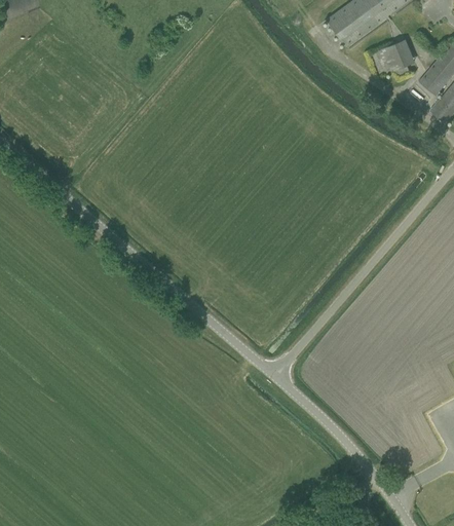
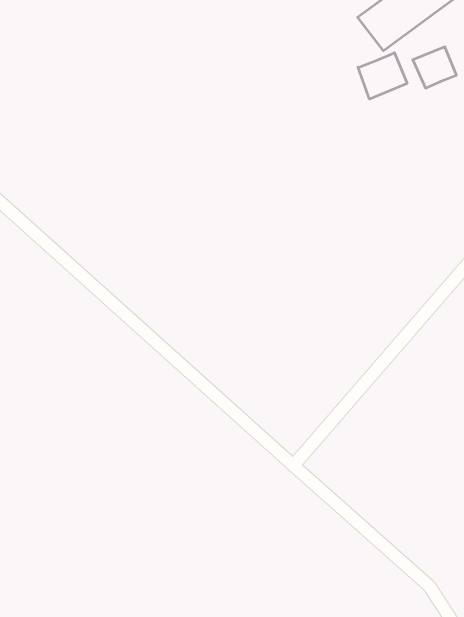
building: none -> [358,53,407,99]

